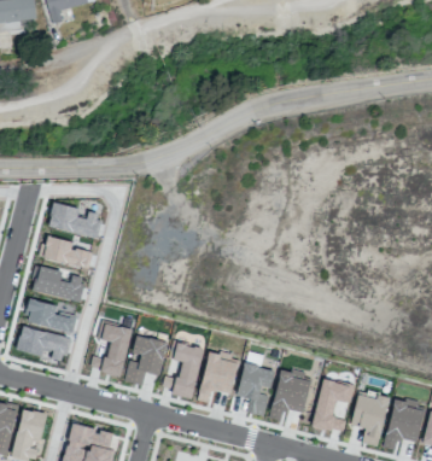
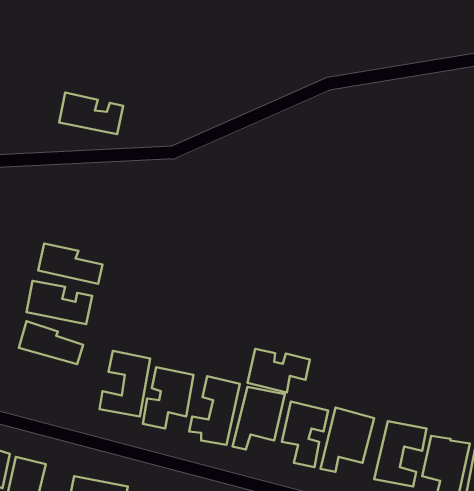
building: [48,203,100,237] -> [59,93,123,134]
building: none -> [247,349,310,393]
building: [18,328,70,361] -> none

